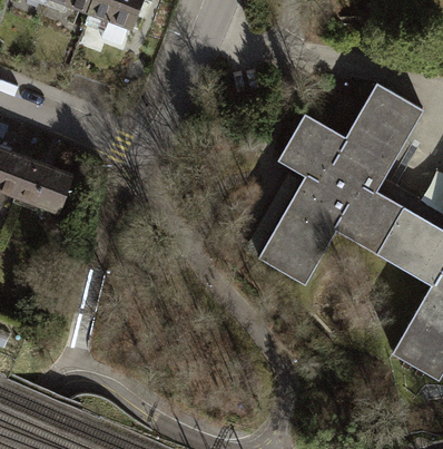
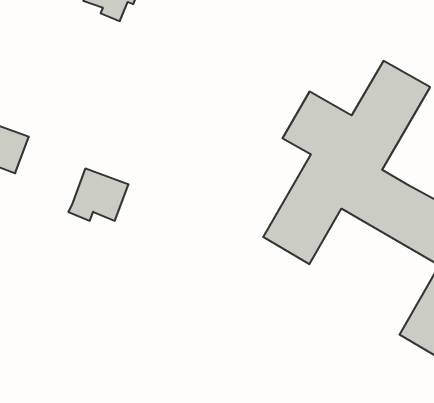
building: [13,159,72,211] -> [68,169,129,221]

